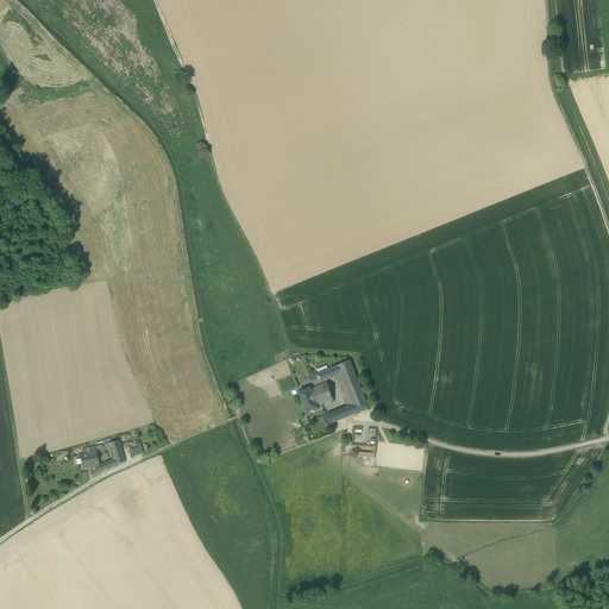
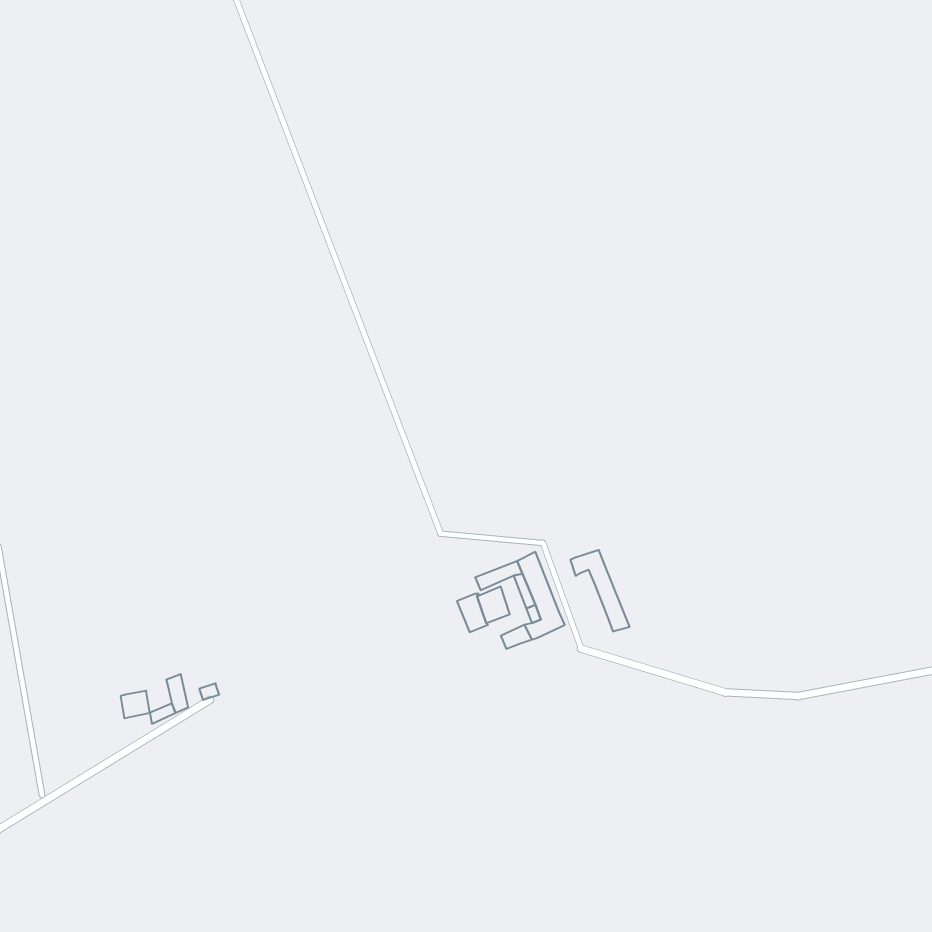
building: none -> [571,550,629,632]

